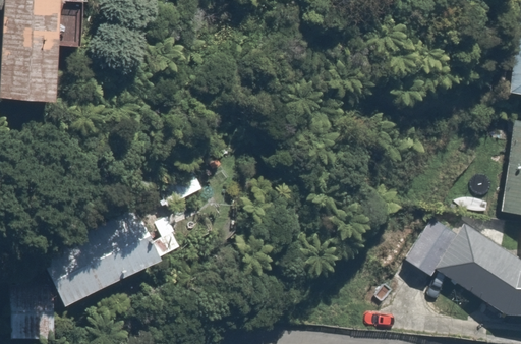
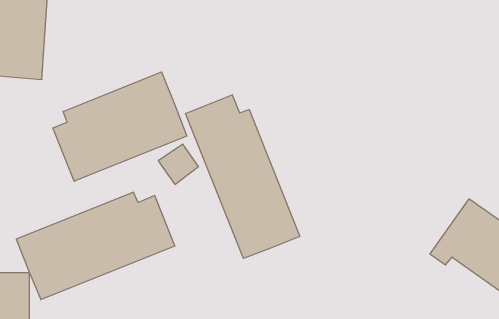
building: none -> [53,72,187,181]
building: none -> [186,95,300,258]

